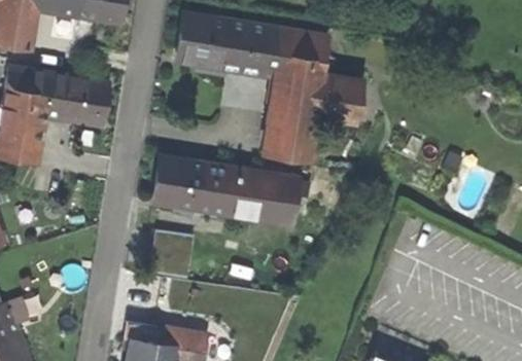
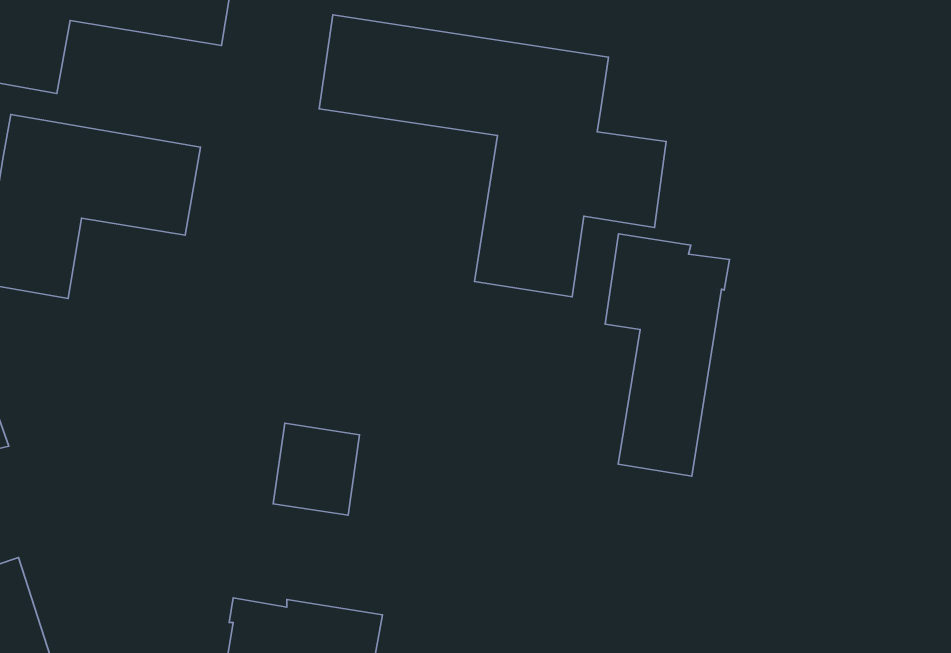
building: none -> [605,234,729,476]
building: [149,155,301,229] -> none

